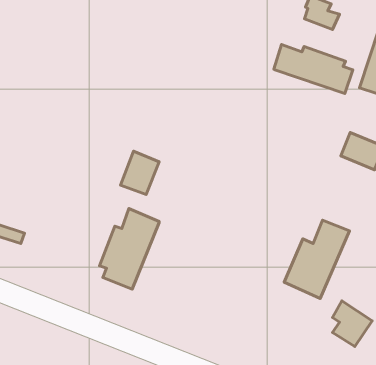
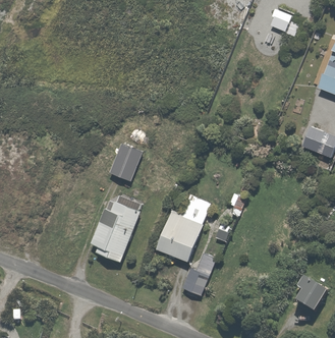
building: [274,44,353,93] -> none
building: [284,220,350,299] -> [155,193,212,262]
building: none -> [180,254,217,296]

